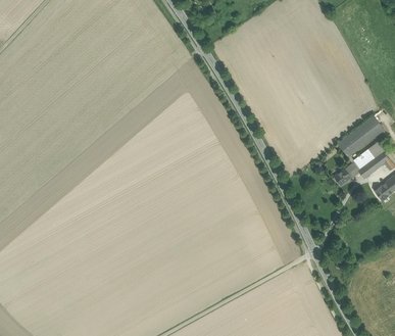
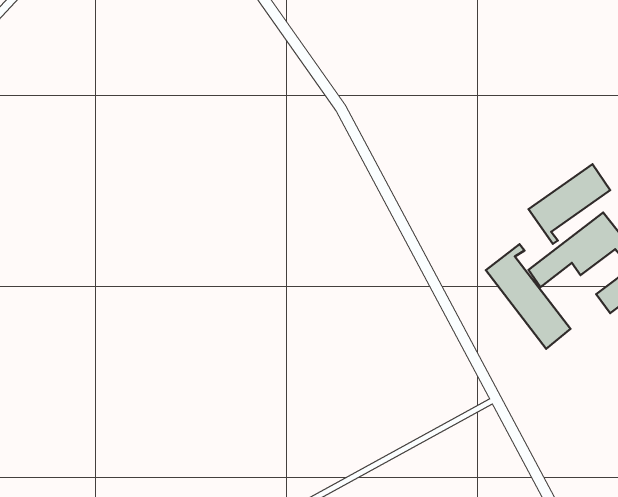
building: none -> [486,244,570,349]

